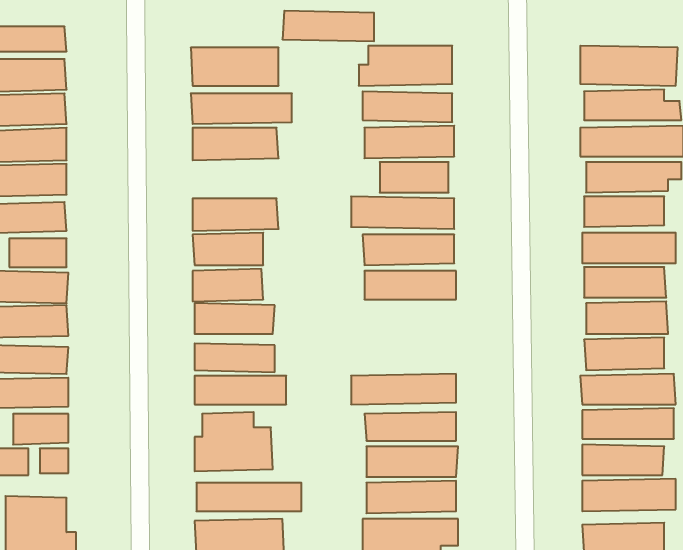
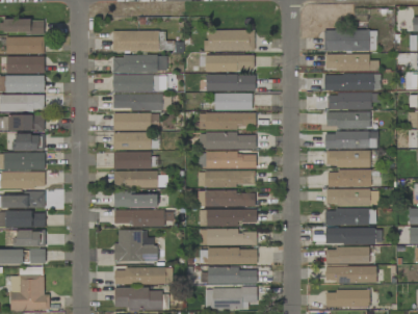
building: [282,11,374,41] -> [112,94,162,110]
building: none -> [198,171,254,187]
building: none -> [198,191,255,207]

